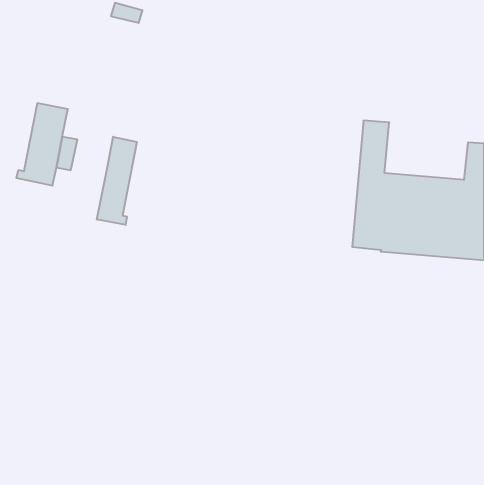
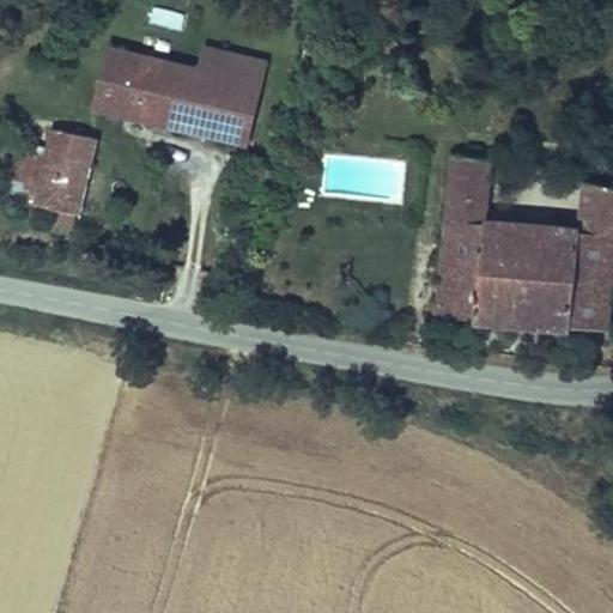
building: none -> [93,45,268,146]
building: [97,137,137,225] -> none

